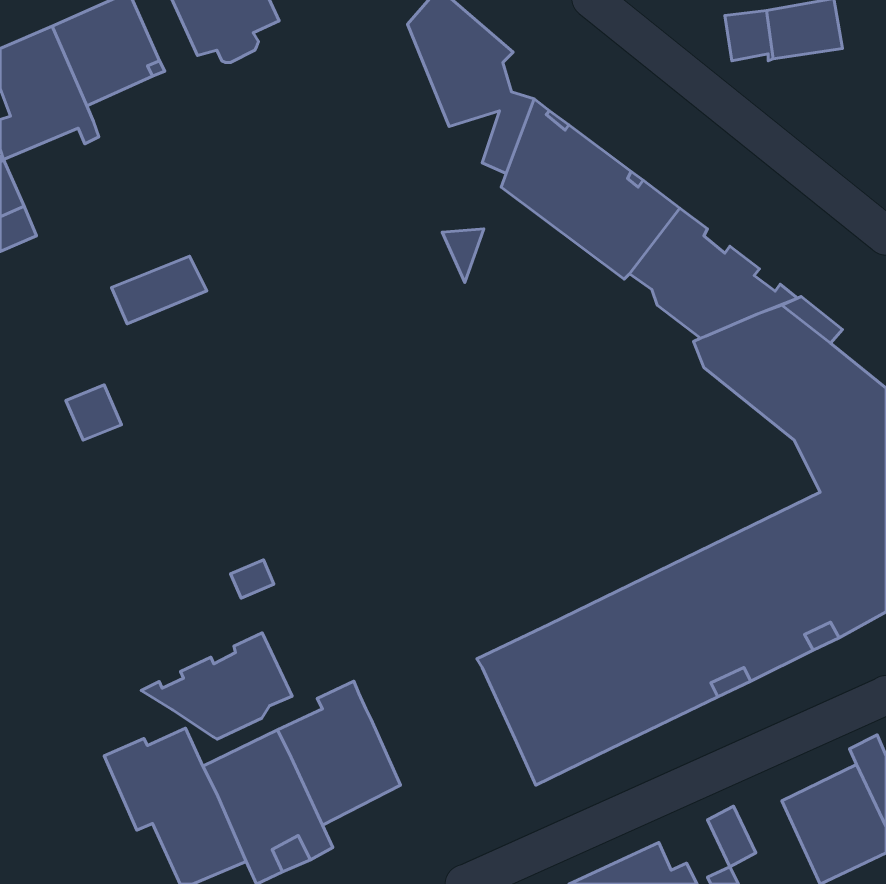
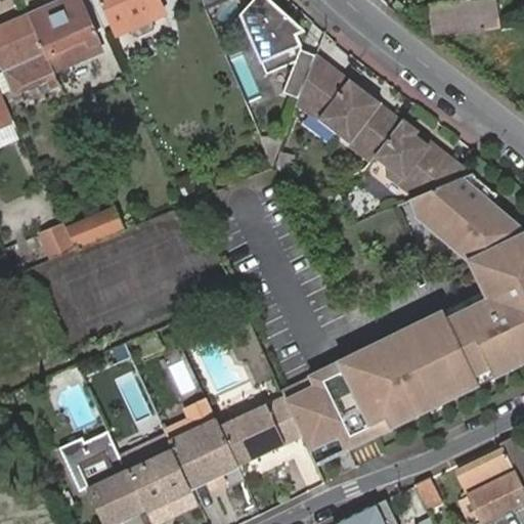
building: [112,256,207,324] -> [68,209,124,249]
building: [141,633,292,739] -> none
building: none -> [219,394,304,467]

